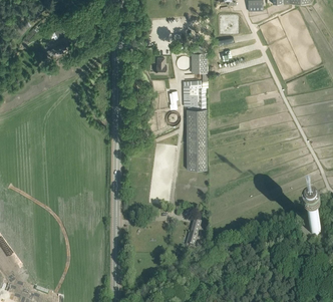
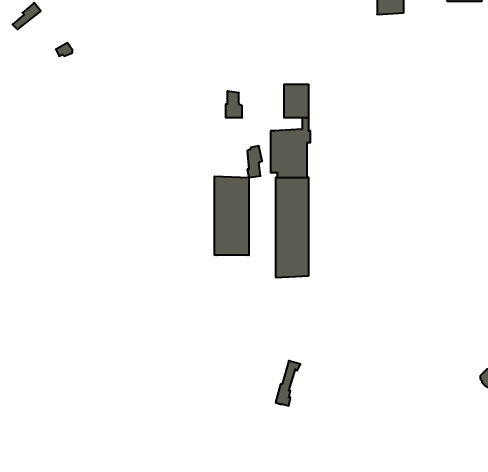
building: none -> [215,176,249,255]

